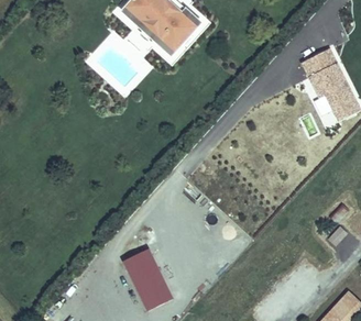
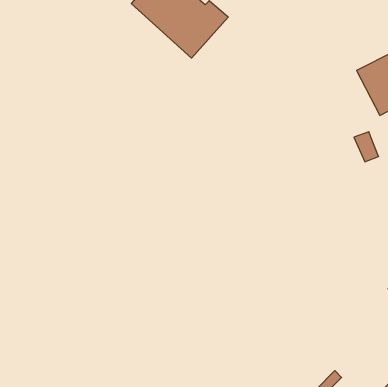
building: [122,247,173,310] -> none

